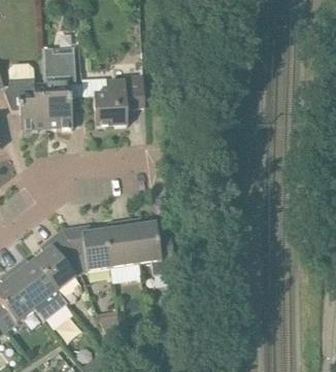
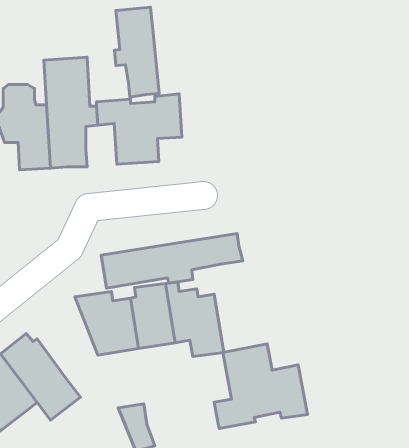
building: none -> [114,7,159,97]
building: none -> [101,233,243,288]
building: [35,229,81,292] -> none
building: none -> [214,344,308,428]

